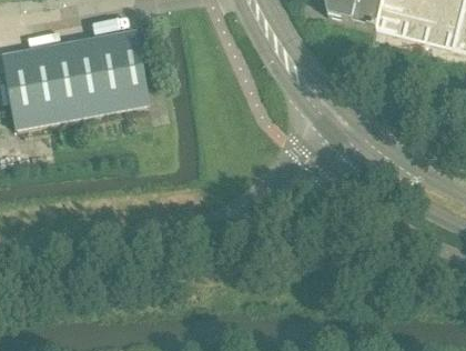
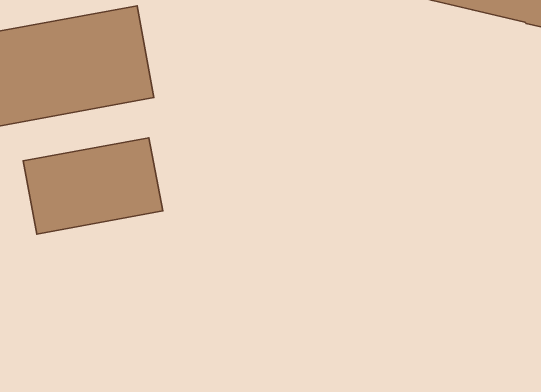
building: none -> [23,138,163,234]

